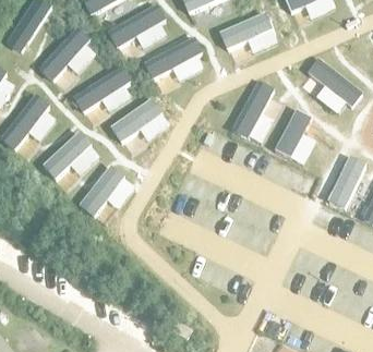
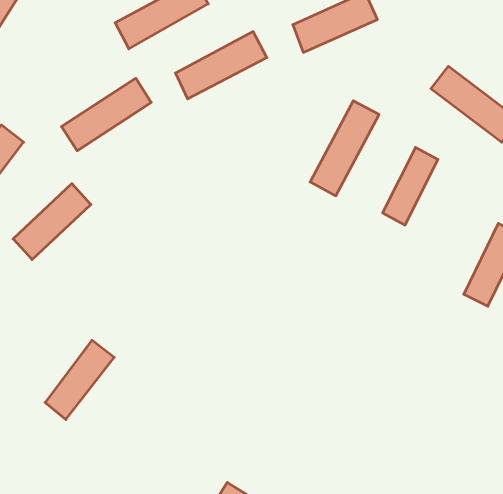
building: [39,27,91,81] -> none
building: [109,98,163,142] -> none
building: [81,166,124,216] -> [45,340,114,420]

